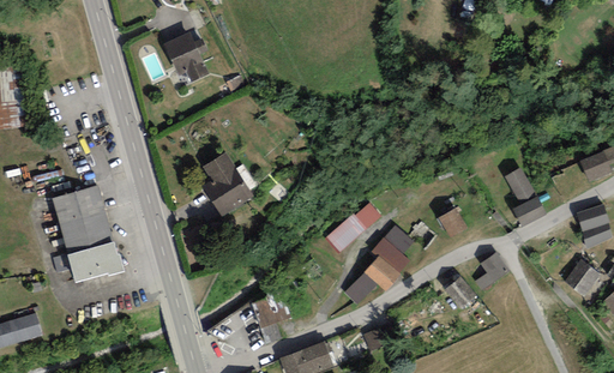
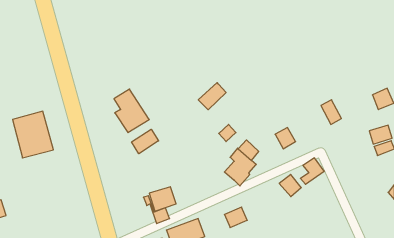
building: [164,31,209,82] -> none
building: [513,197,546,227] -> none
building: none -> [132,129,159,154]
building: [325,213,366,253] -> [198,83,226,110]
building: [67,240,124,281] -> none
building: [564,260,601,296] -> none
building: [344,272,378,307] -> none

